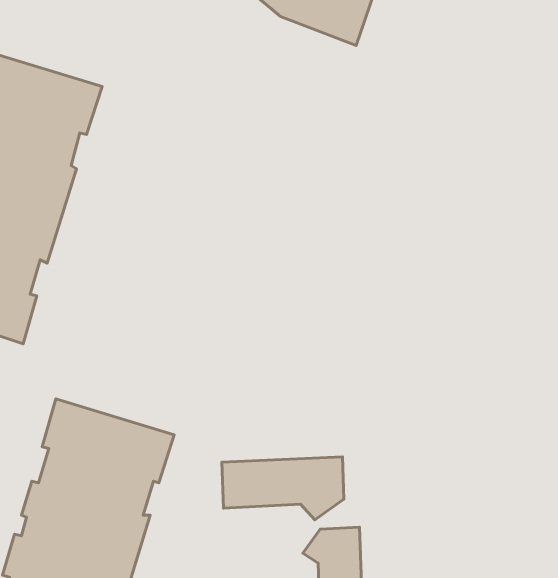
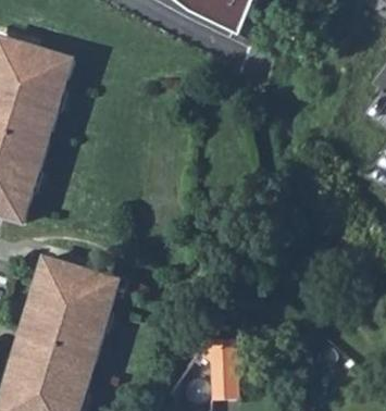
building: [222,457,344,520] -> none

